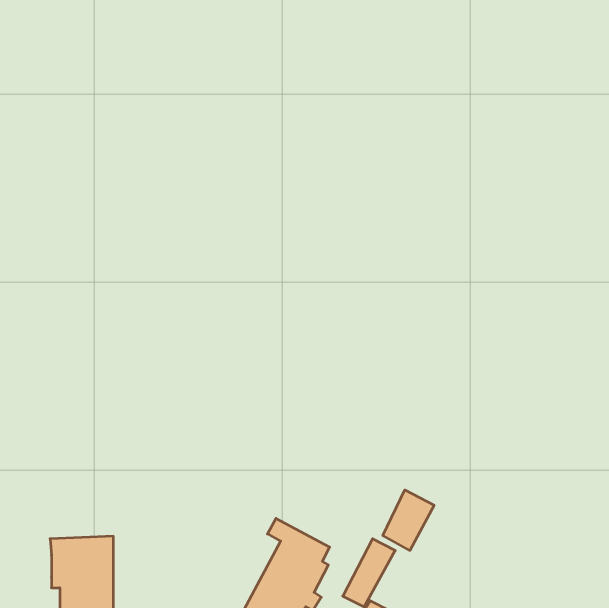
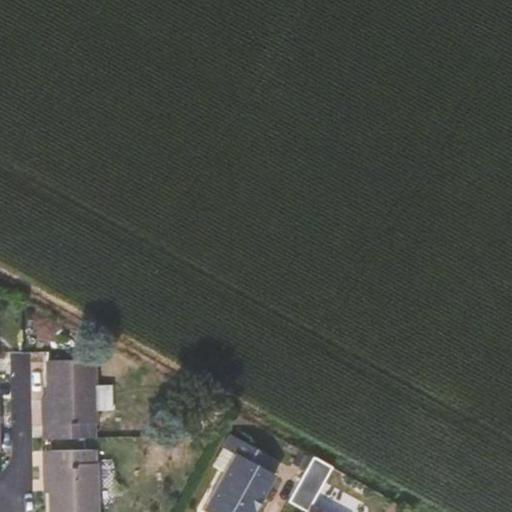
building: none -> [43,362,96,441]
building: [383,490,434,550] -> none

